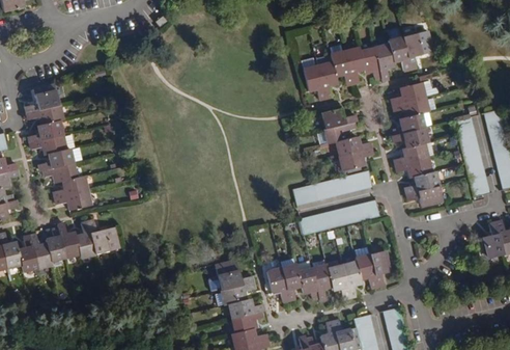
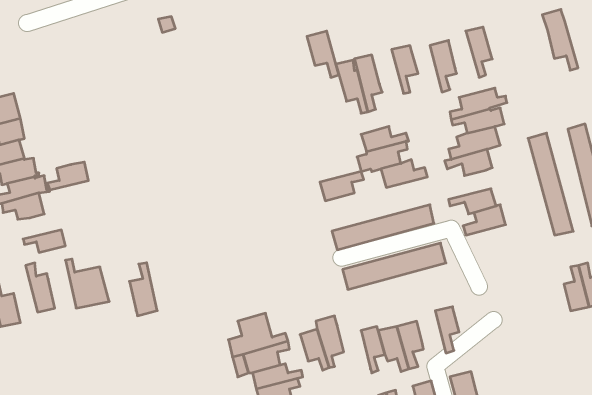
building: [381,26,409,74] -> [542,9,578,70]
building: [357,47,379,81] -> none
building: [325,50,350,86] -> [307,31,339,77]
building: [384,143,425,167] -> none
building: [337,150,371,172] -> [320,172,364,201]
building: [51,177,83,198] -> [47,162,88,190]
building: [399,187,434,207] -> none
building: [73,215,94,257] -> [129,263,157,316]
building: [45,223,64,260] -> none
building: [358,248,384,290] -> none
building: [299,262,324,302] -> none

